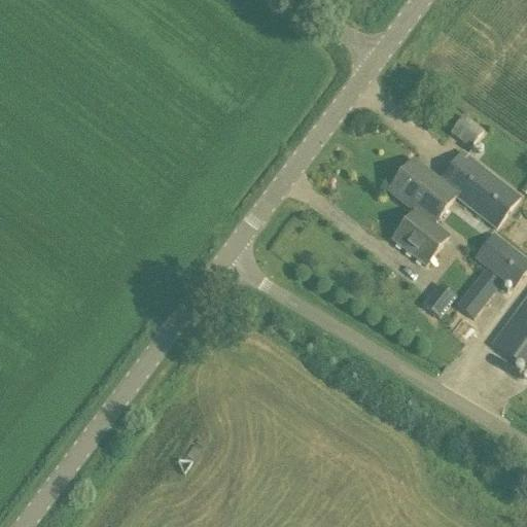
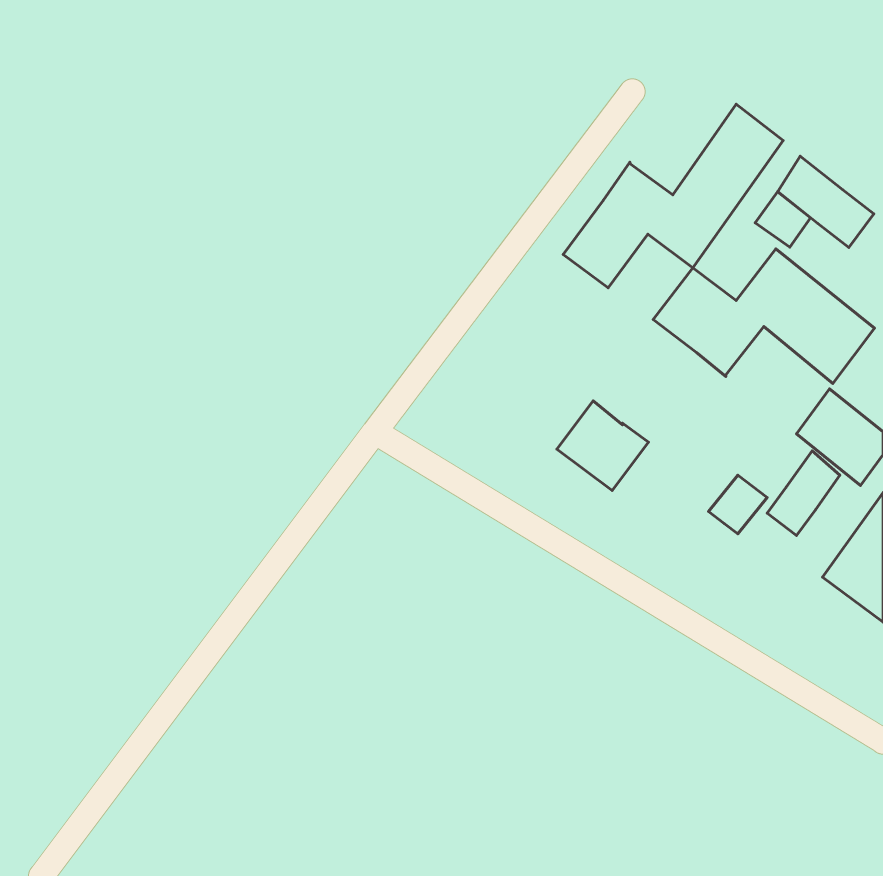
building: none -> [563,104,783,288]
building: none -> [778,156,874,248]
building: [393,210,448,264] -> [557,401,649,491]

